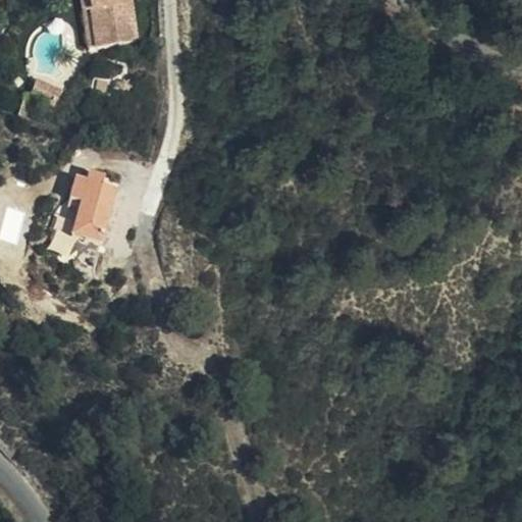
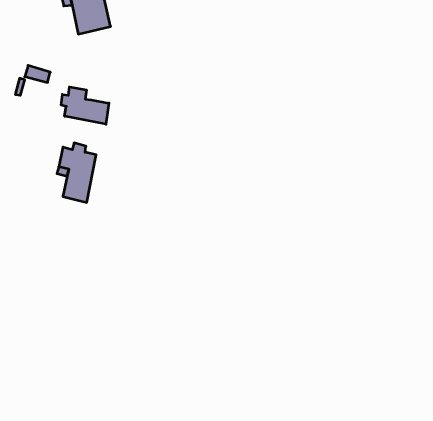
building: none -> [61,87,109,124]

